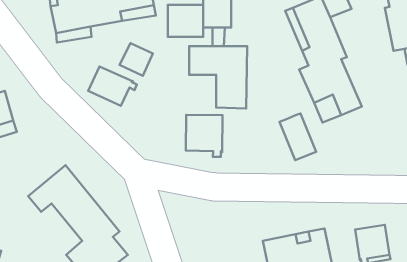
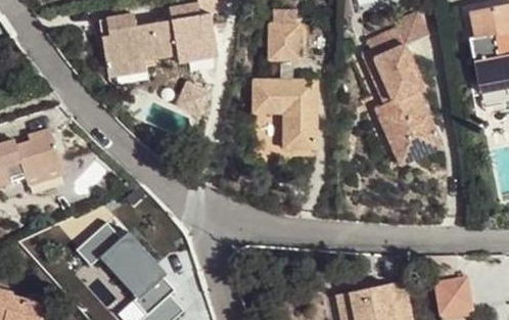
building: [168,5,203,37] -> none
building: [88,66,137,106] -> none
building: [280,113,316,160] -> none
building: [186,115,223,157] -> none

